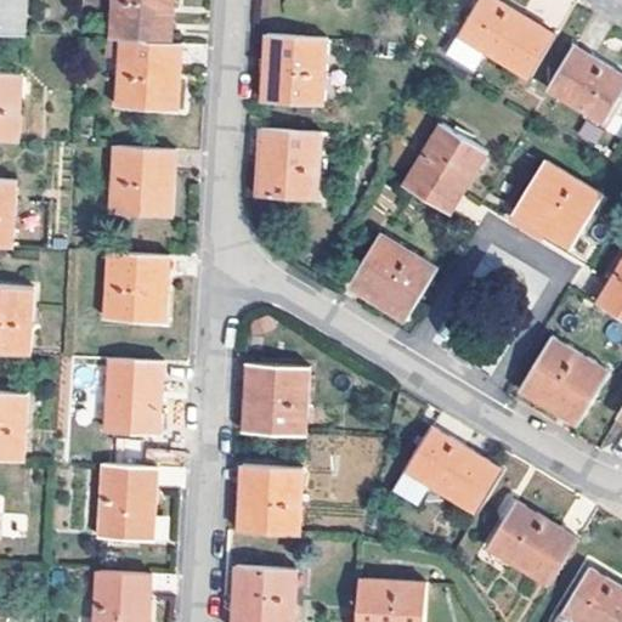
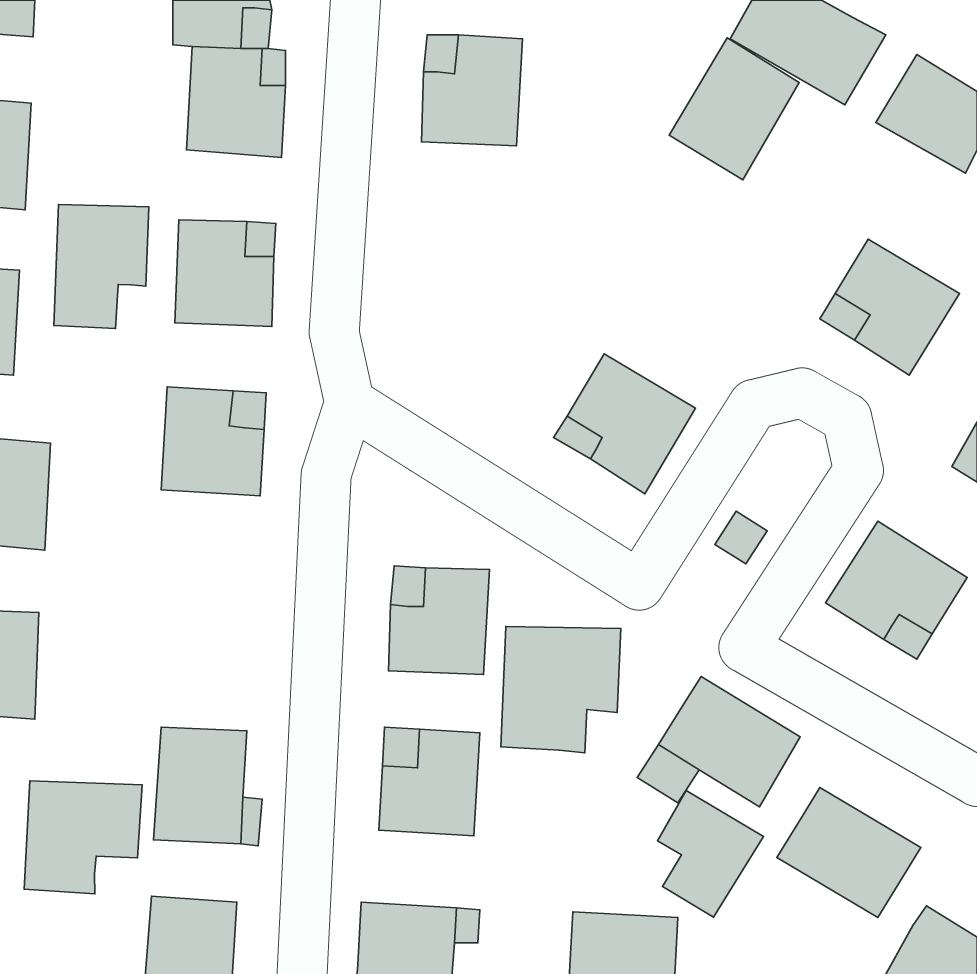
building: [402,124,484,213] -> [669,38,799,180]
building: [256,129,321,198] -> none
building: none -> [54,204,149,329]
building: [102,361,160,435] -> none
building: none -> [501,627,621,753]
building: none -> [24,781,142,894]
building: none -> [658,791,763,917]

